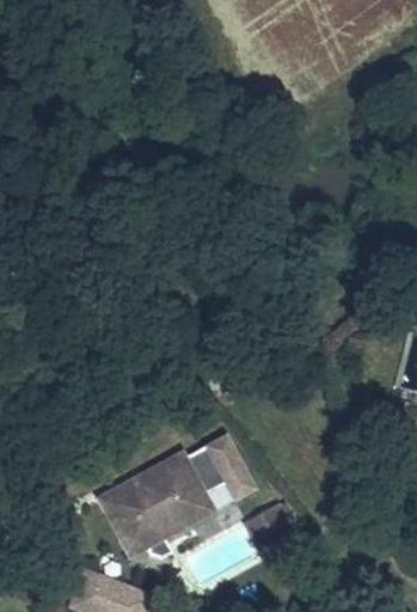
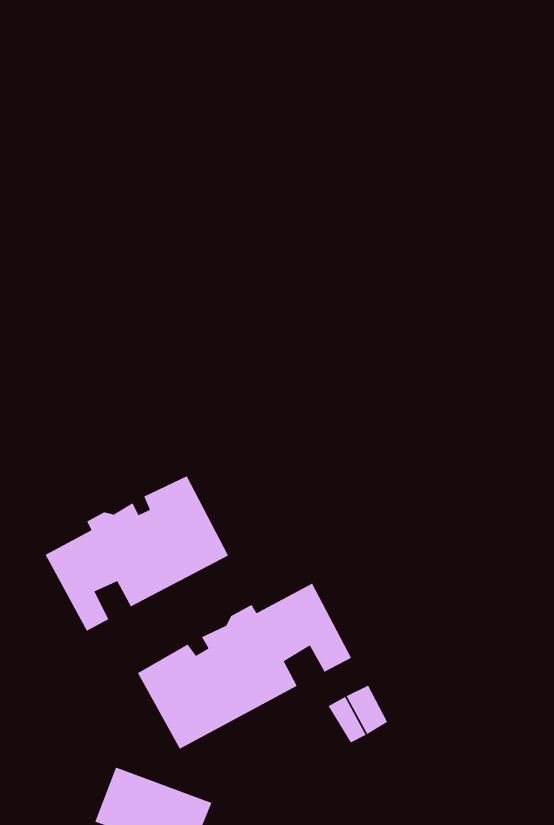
building: none -> [44,475,229,632]

